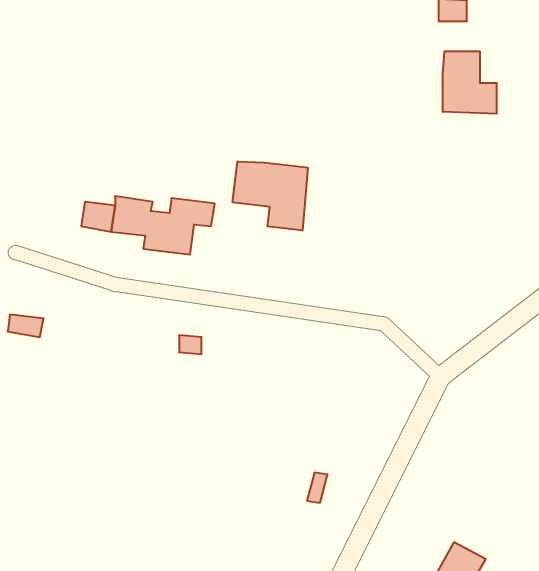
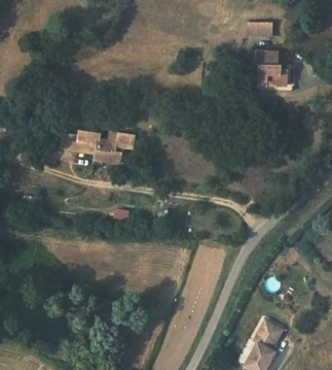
building: [233,161,308,231] -> none

